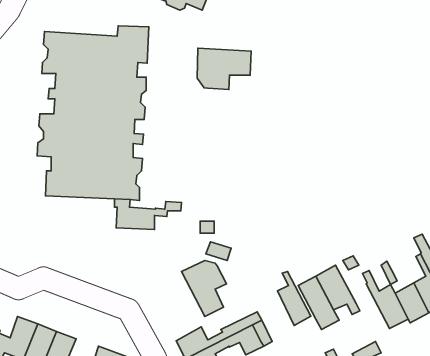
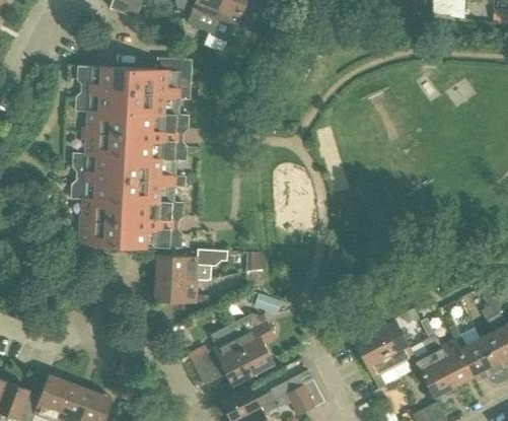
building: [197,48,251,90] -> none
building: none -> [154,278,209,303]
building: [277,271,311,326] -> [416,339,452,398]
building: none -> [190,326,251,384]

